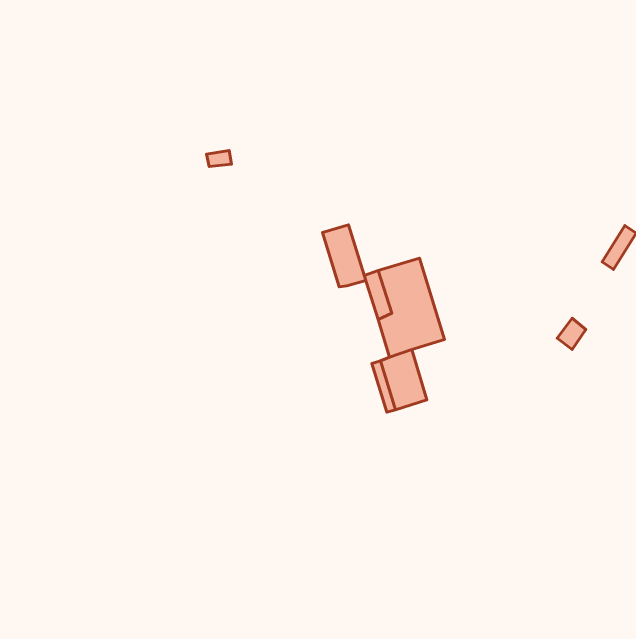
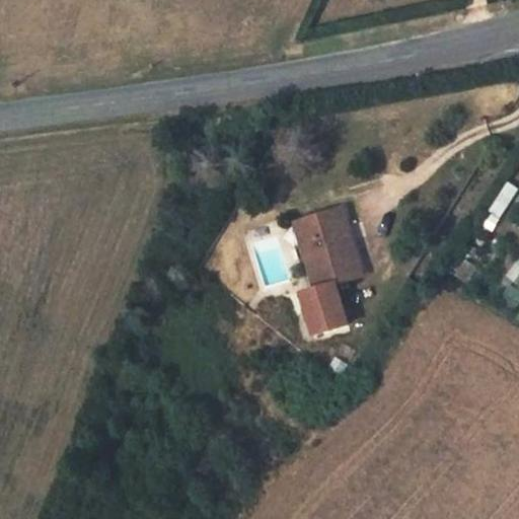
building: [322,225,366,287] -> none

